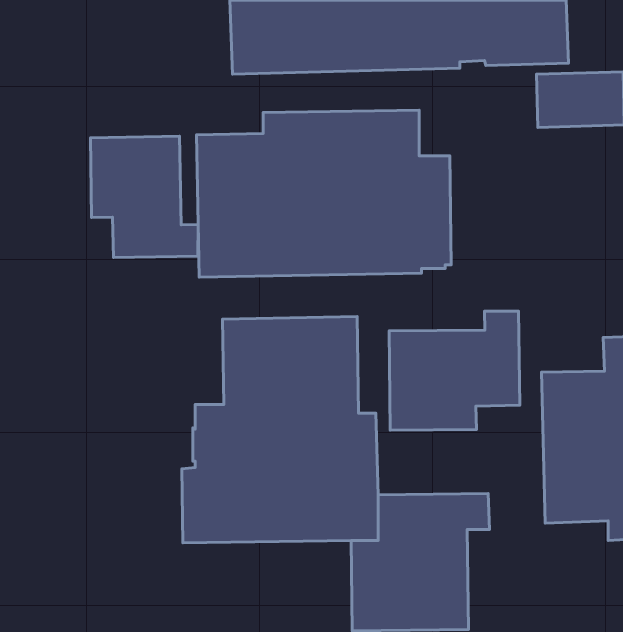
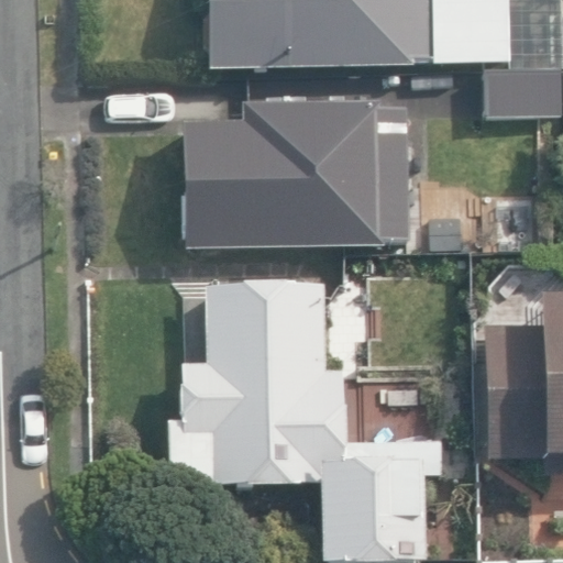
building: [90,136,198,258] -> none
building: [389,311,520,430] -> none

